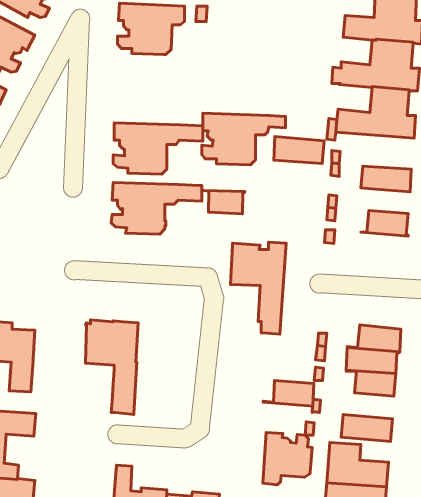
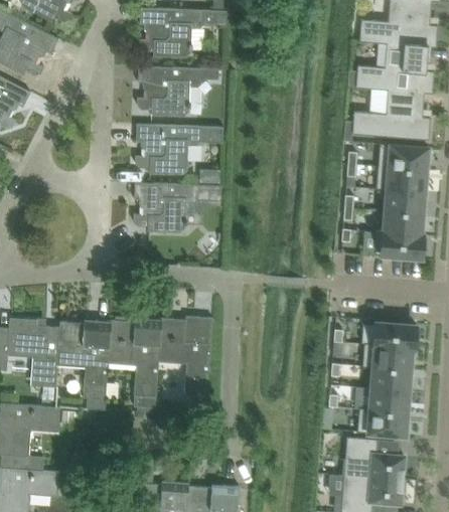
building: [202,113,285,165] -> [137,65,218,116]
building: [274,137,324,163] -> [379,143,428,169]
building: none -> [385,188,425,212]
building: [204,190,245,214] -> none
building: none -> [375,230,423,258]
building: [230,242,286,334] -> [157,316,211,405]
building: none -> [56,320,109,409]
building: [263,380,314,406] -> [359,387,409,412]
building: [263,433,312,485] -> none

